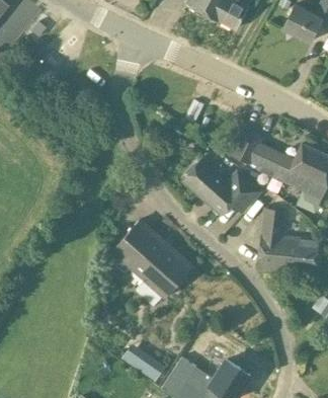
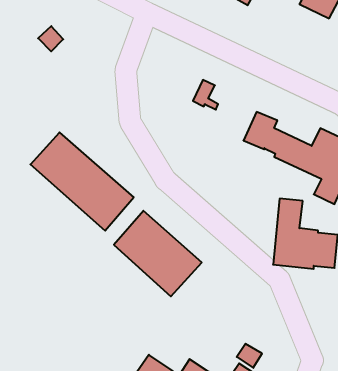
building: none -> [30,132,134,231]
building: [182,157,261,216] -> none

